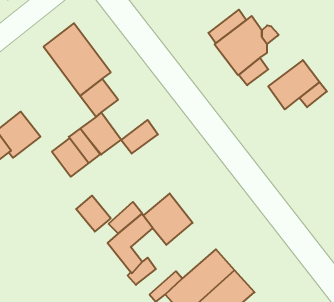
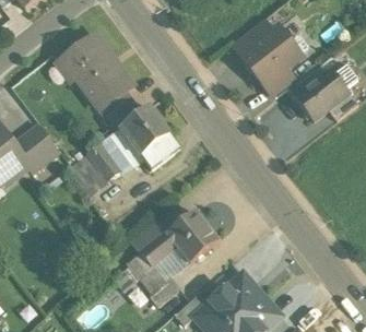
building: none -> [121,106,169,154]
building: [76,196,111,232] -> none

